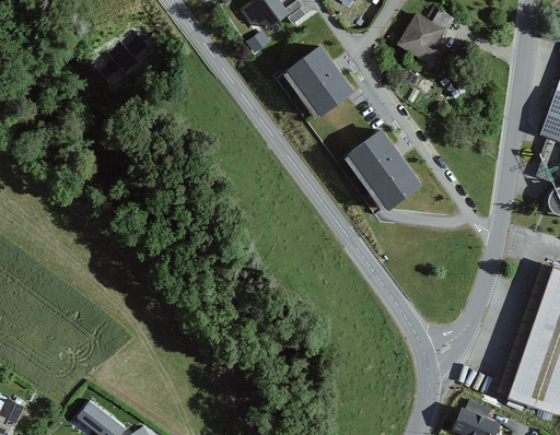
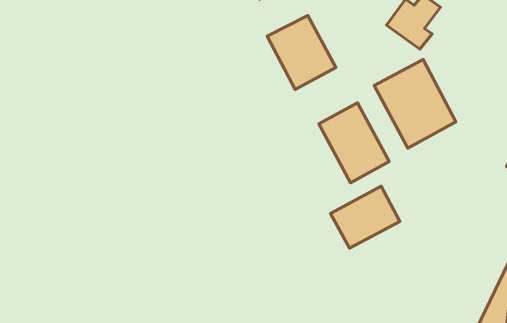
building: none -> [374,60,456,148]
building: none -> [330,186,400,248]

